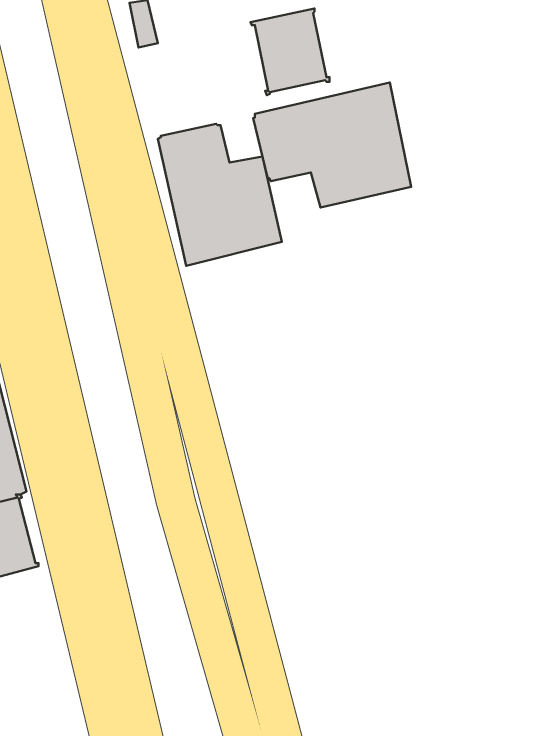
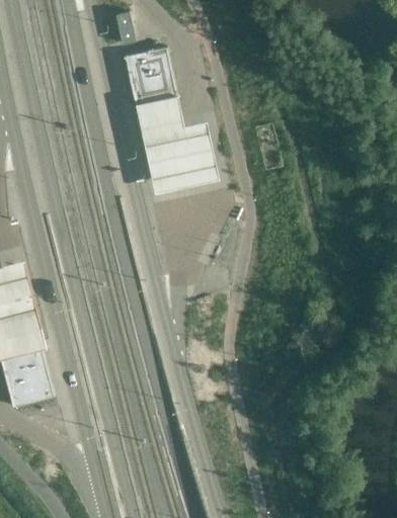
building: [250,9,330,95] -> [124,50,177,108]
building: [253,82,411,207] -> none

